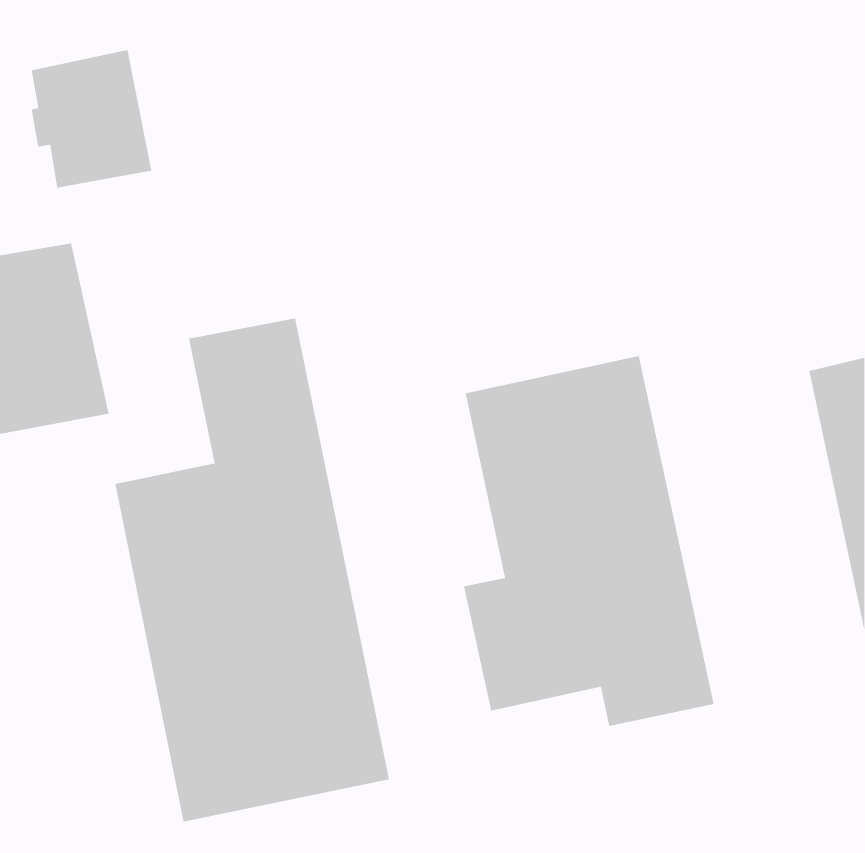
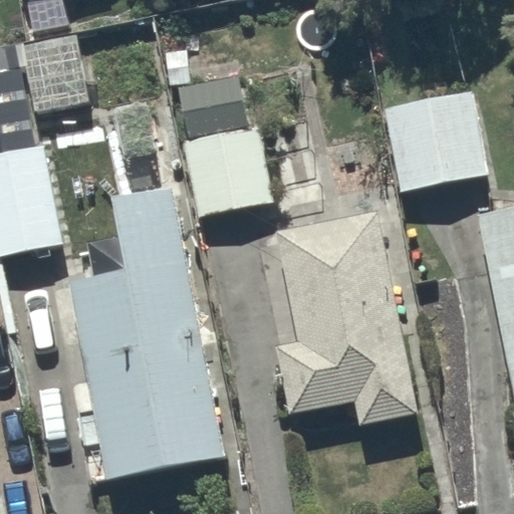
building: none -> [178,74,273,216]
building: none -> [382,87,490,193]

